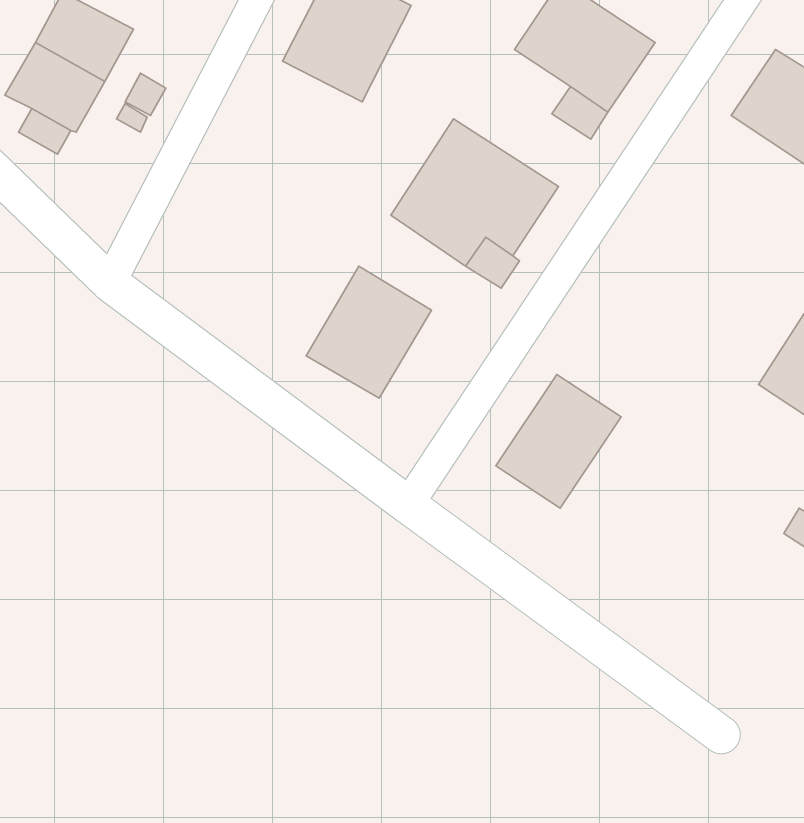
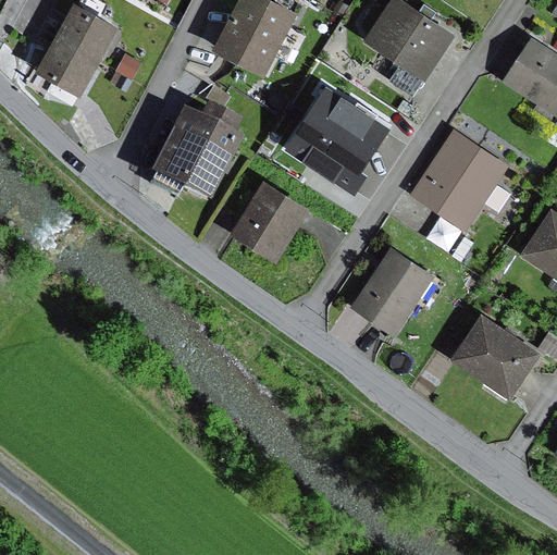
building: none -> [147,107,239,203]
building: none -> [410,129,507,230]
building: none -> [451,316,539,398]

